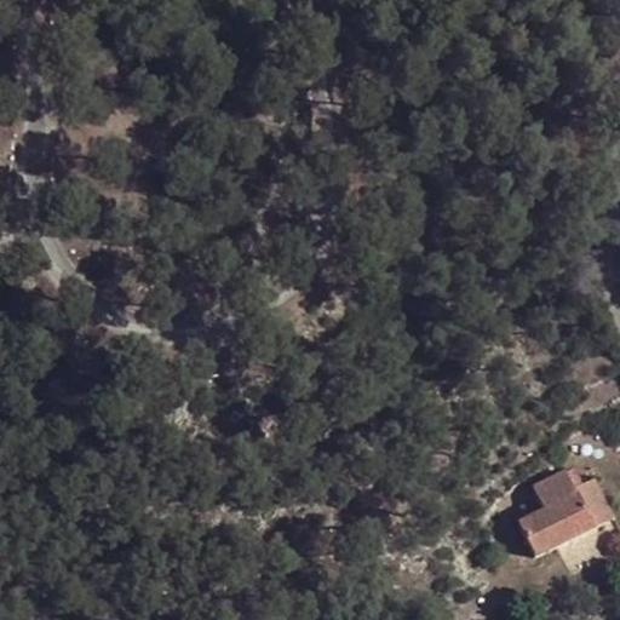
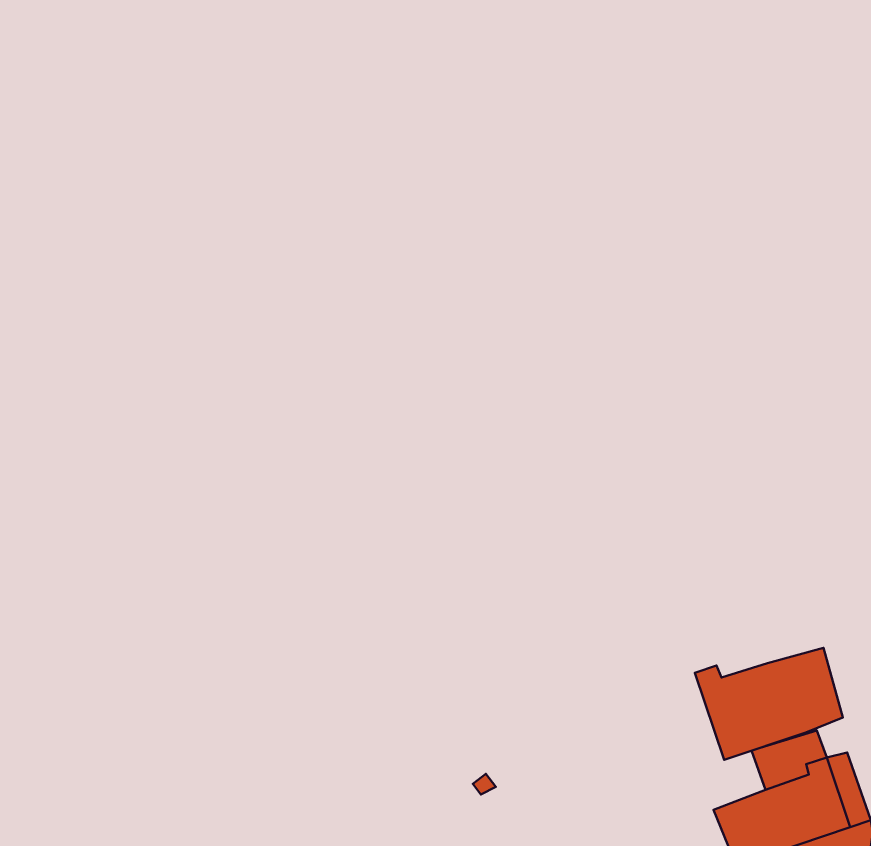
building: none -> [695,648,843,760]

